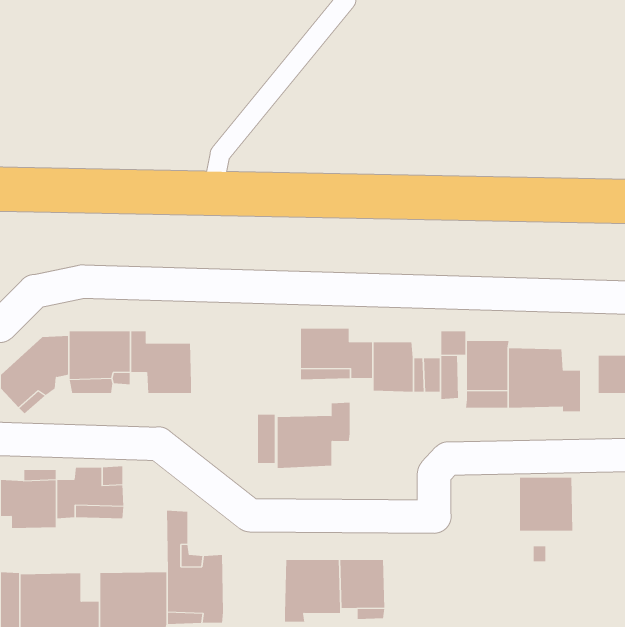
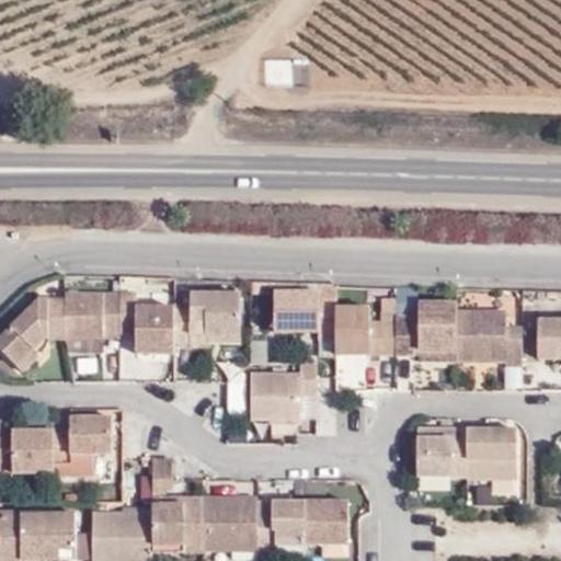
building: none -> [173,293,238,343]
building: none -> [414,426,466,476]
building: none -> [202,495,257,548]

